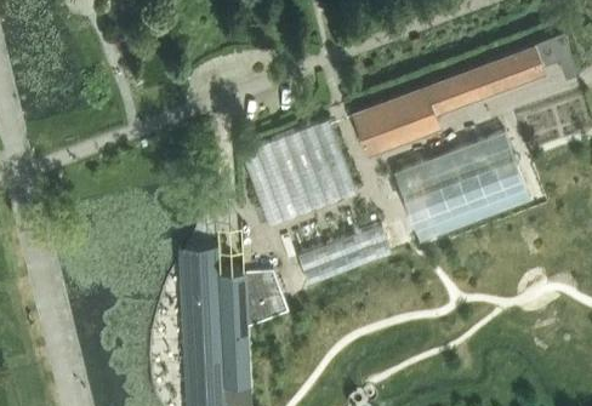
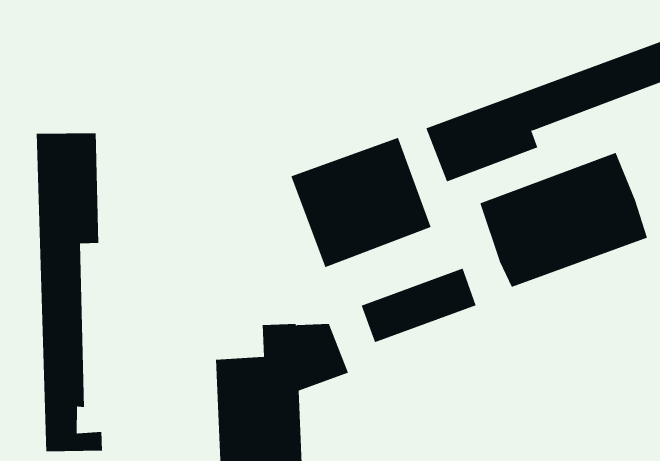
building: none -> [36,133,102,452]
building: [180,247,220,299] -> none

